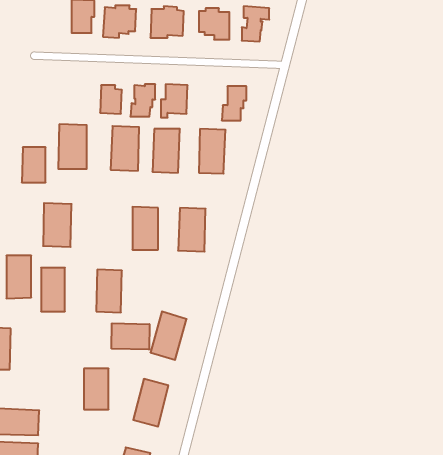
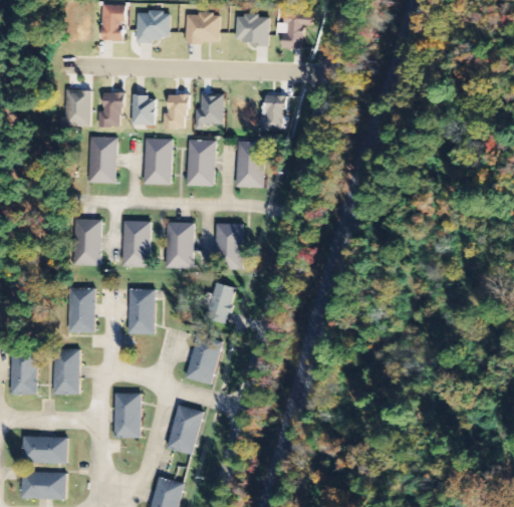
building: none -> [99,91,125,125]
building: [22,147,46,182] -> [66,89,91,126]
building: none -> [122,221,150,266]
building: [6,256,31,298] -> [53,349,79,395]
building: none -> [206,282,235,323]
building: [112,323,149,350] -> none

